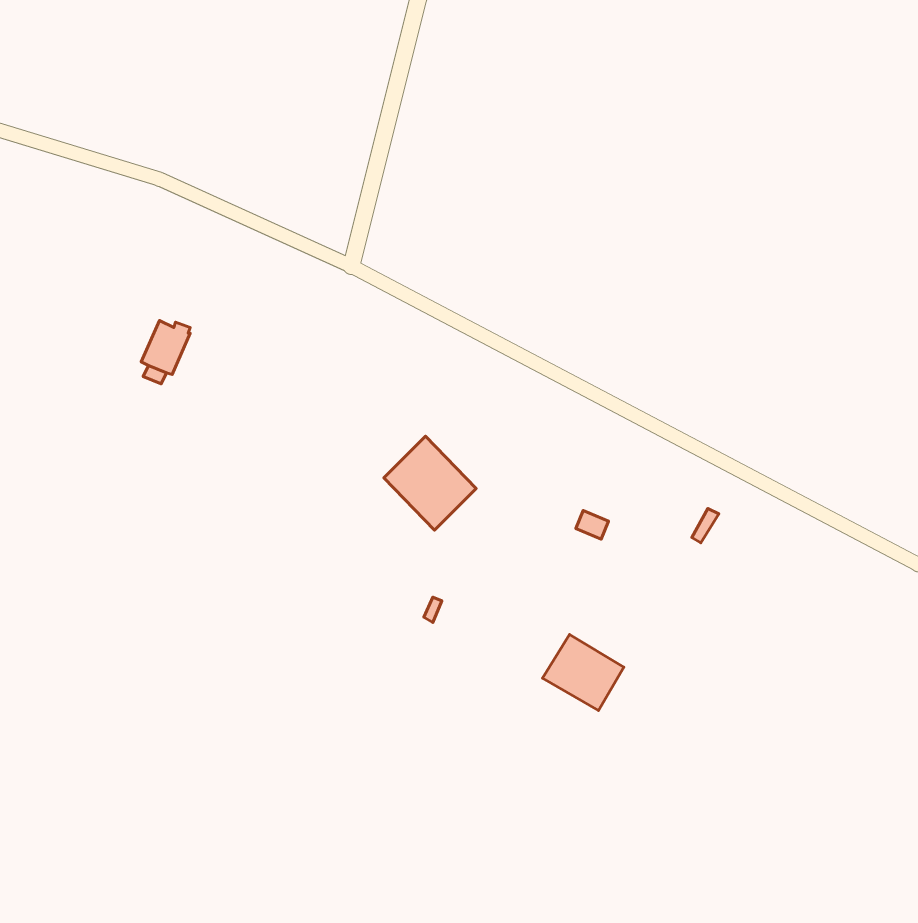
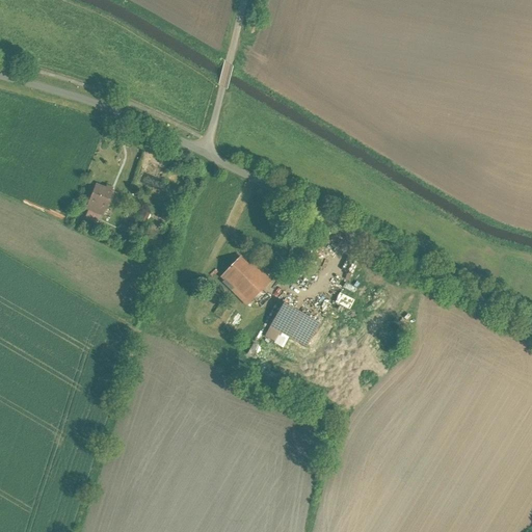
building: [542,635,624,711] -> [271,303,318,347]

